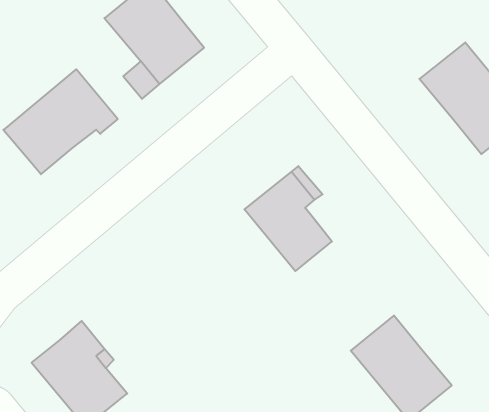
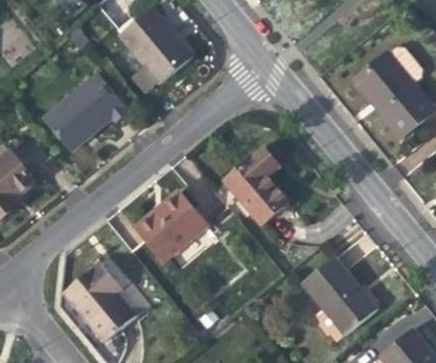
building: none -> [133,189,208,262]

